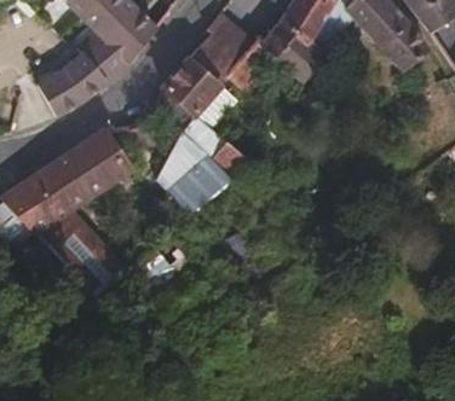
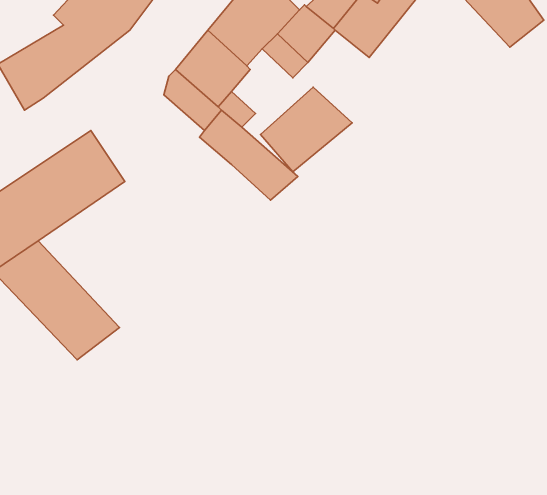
building: [167,153,232,214] -> [261,87,352,172]

